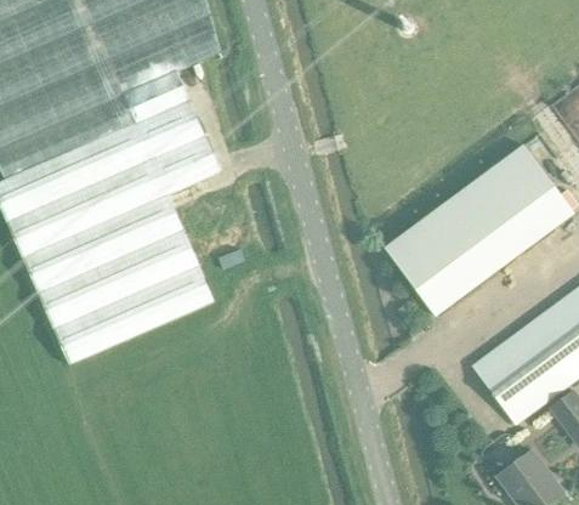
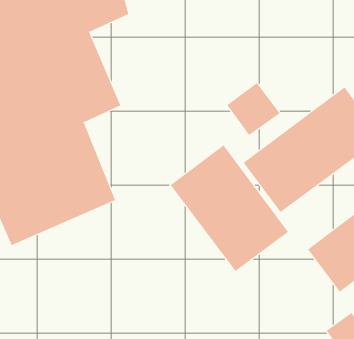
building: none -> [226,82,280,136]
building: none -> [170,144,289,272]

